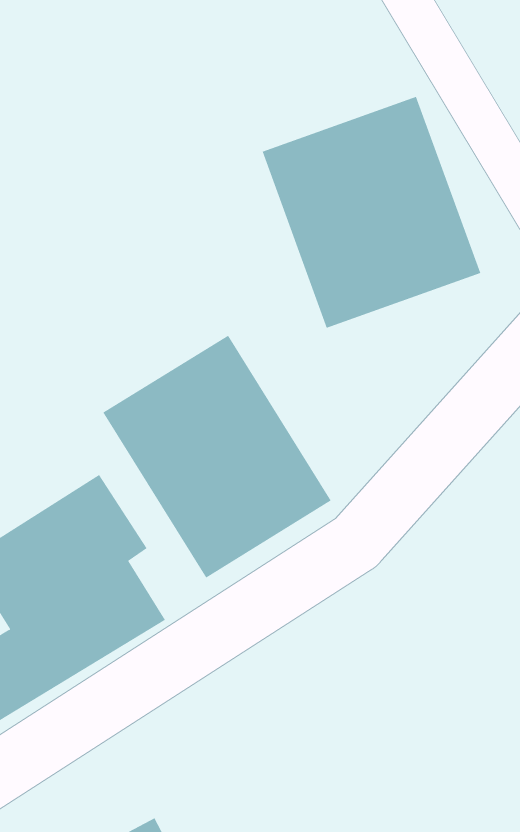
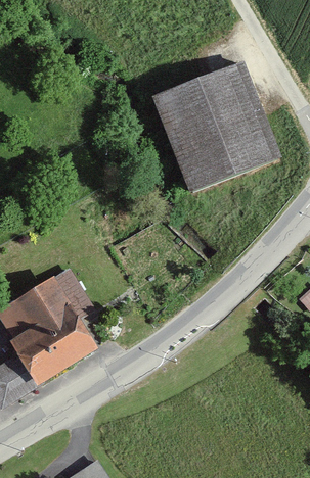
building: [103,335,332,578] -> none

